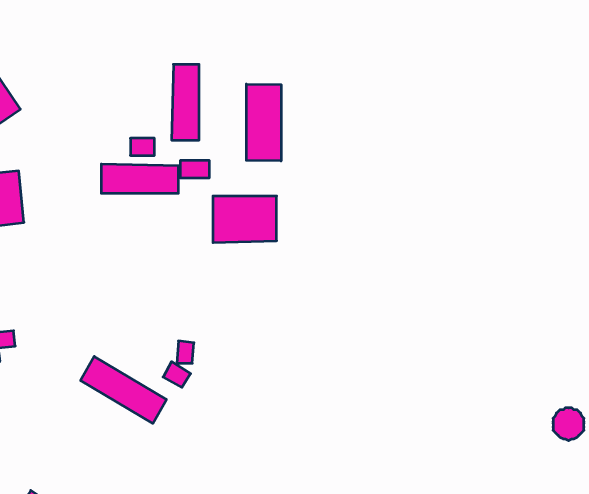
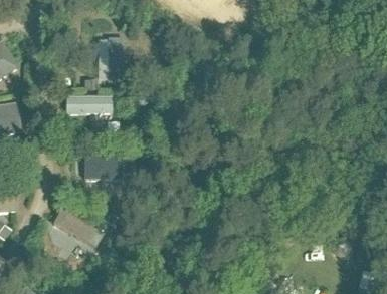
building: [246,84,281,161] -> none
building: [213,196,277,243] -> [83,152,121,179]

